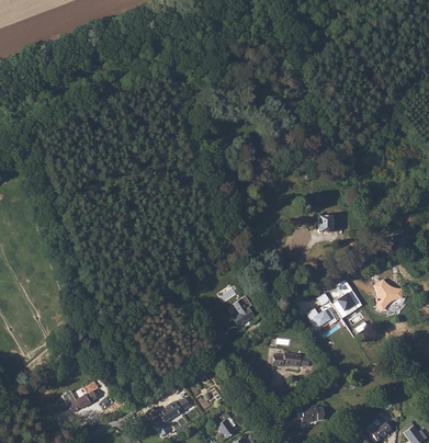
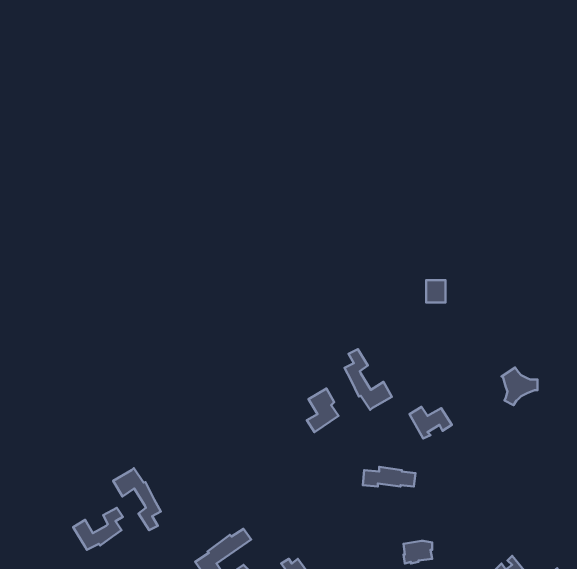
building: none -> [344,349,392,410]
building: [332,280,362,318] -> none
building: none -> [113,468,161,530]

